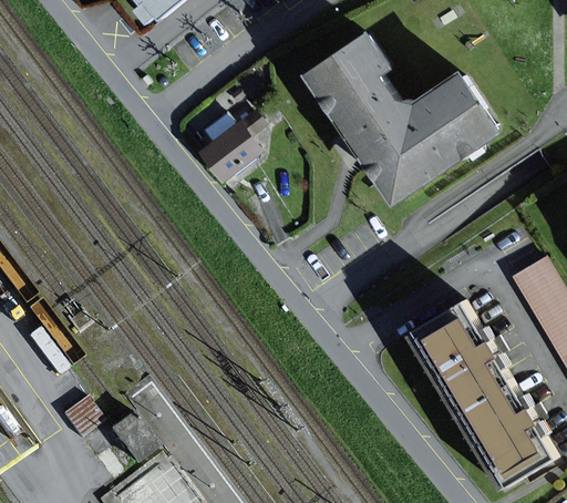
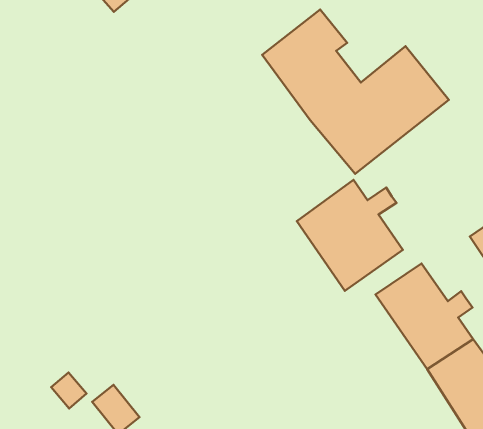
building: [203,115,266,183] -> none
building: none -> [297,180,403,291]

